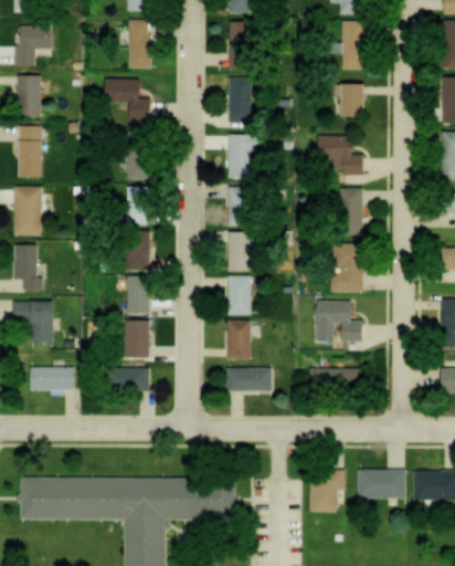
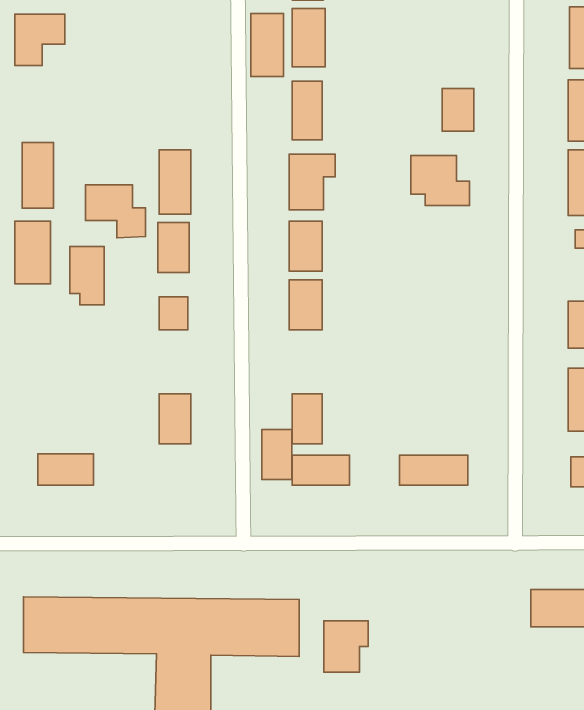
building: [126,20,151,69] -> [251,14,284,76]
building: [340,20,366,70] -> none
building: [20,76,40,115] -> none
building: [104,78,150,119] -> [85,185,146,238]
building: [325,187,363,291] -> none
building: [13,244,40,290] -> [70,246,104,305]
building: [126,275,149,313] -> none
building: [228,276,251,315] -> [262,430,292,480]
building: [316,301,364,340] -> none
building: [12,302,55,343] -> none
building: [116,367,149,394] -> none
building: [358,470,405,499] -> none
building: [310,471,345,511] -> [324,621,368,672]

